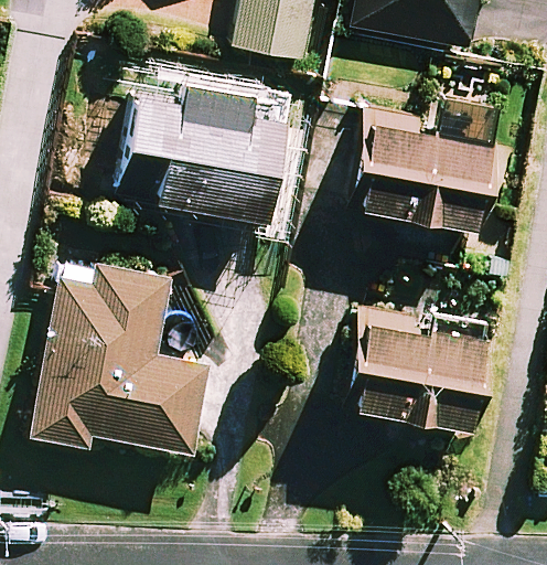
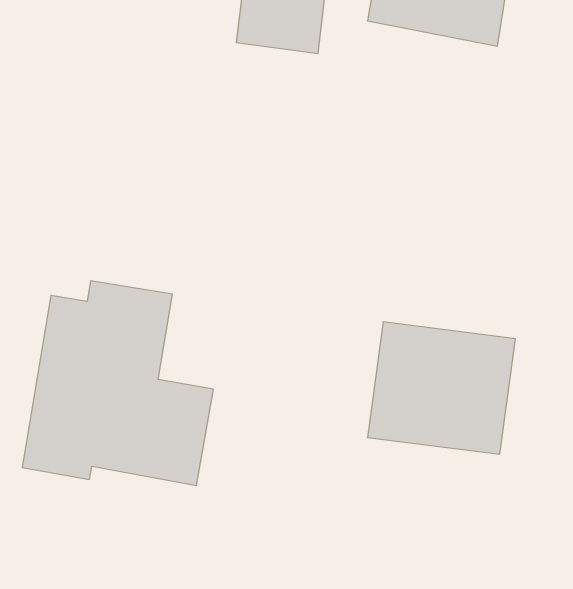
building: [120,79,287,220] -> none
building: [355,121,491,227] -> none

